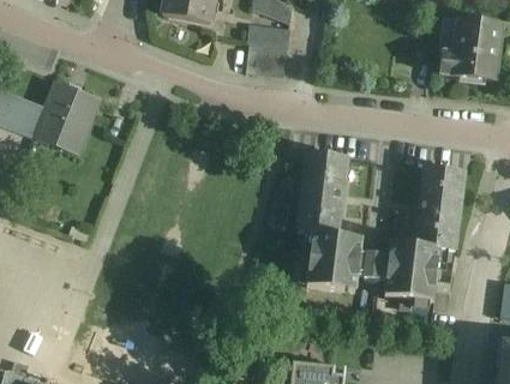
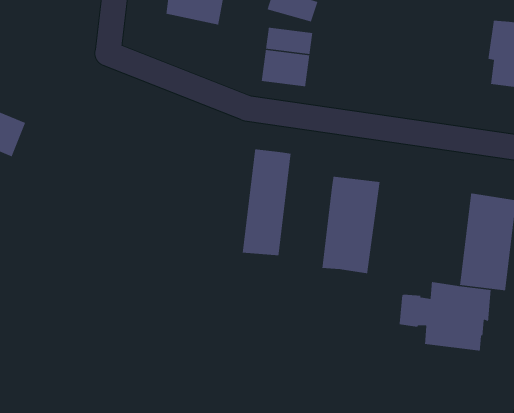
building: [32,79,101,154] -> none
building: none -> [242,149,292,256]
building: [306,232,365,290] -> none

